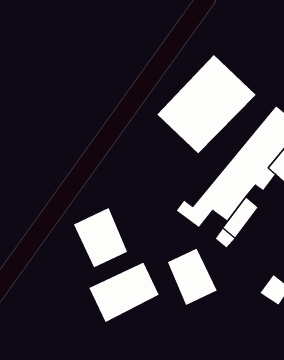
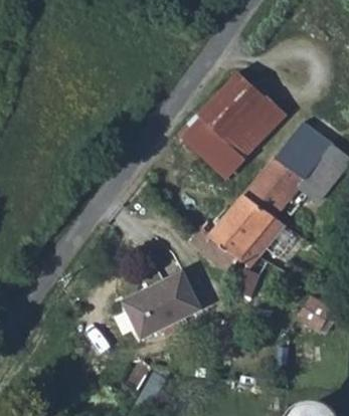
building: [73,207,128,268] -> none
building: [167,248,217,306] -> none

